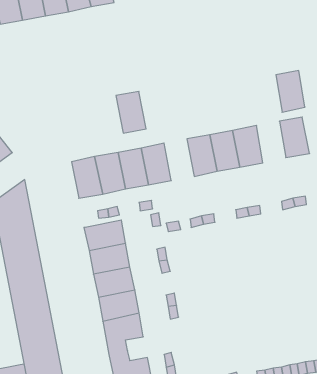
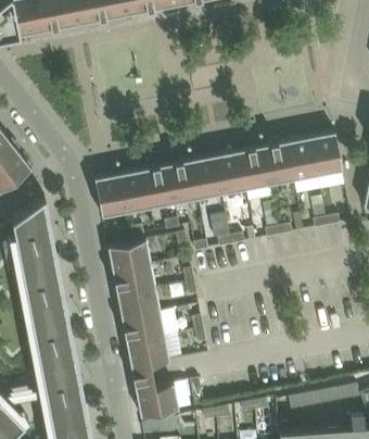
building: [276,71,305,112] -> [287,138,317,181]
building: [116,91,146,133] -> [190,156,221,200]

